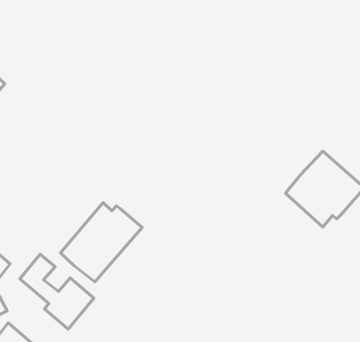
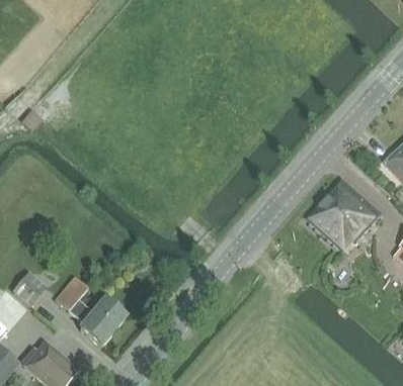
building: [61,202,142,282] -> none

